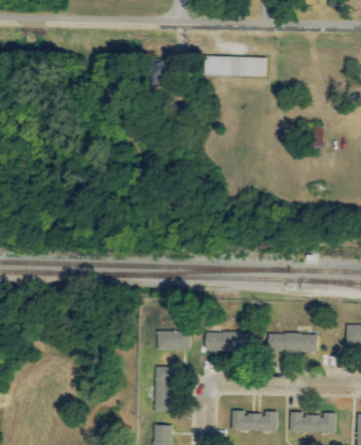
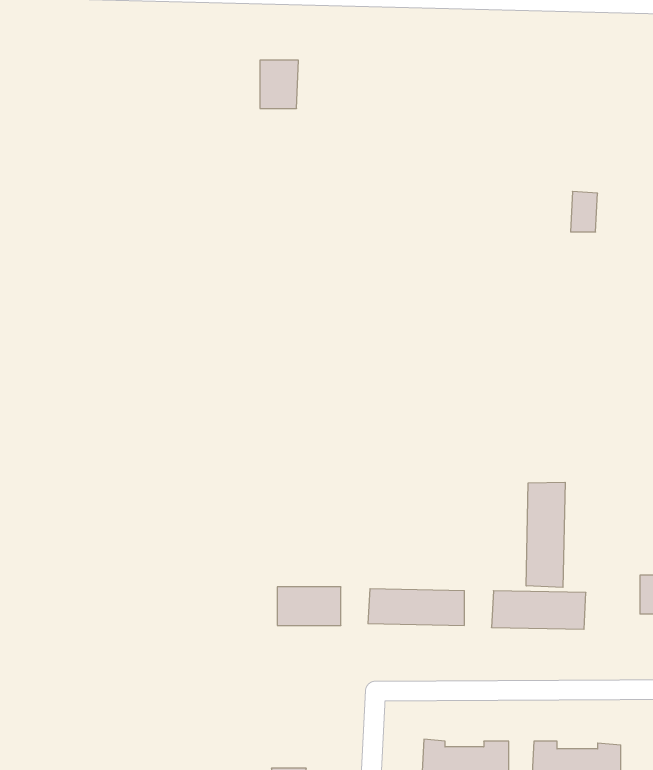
building: [204,55,266,76] -> none
building: none -> [526,482,565,587]
building: [154,366,175,412] -> none

